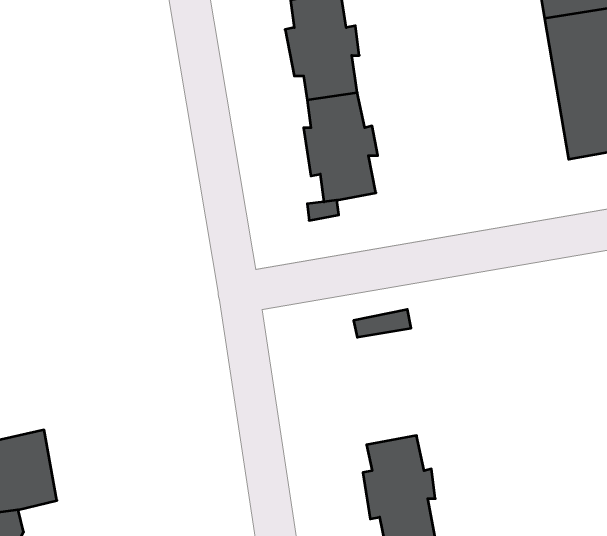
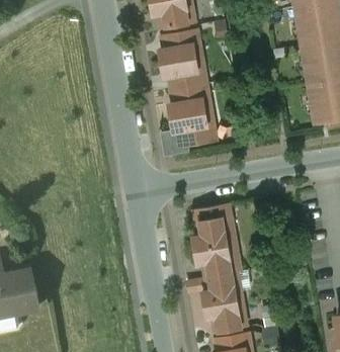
building: none -> [192,218,233,278]

